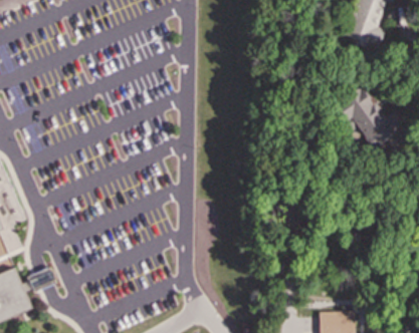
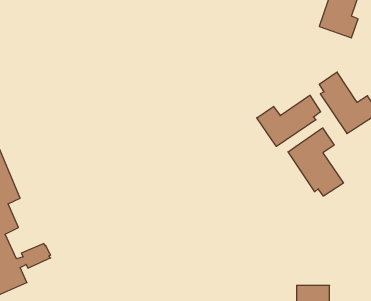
building: none -> [257,95,321,146]
building: none -> [288,128,343,196]

